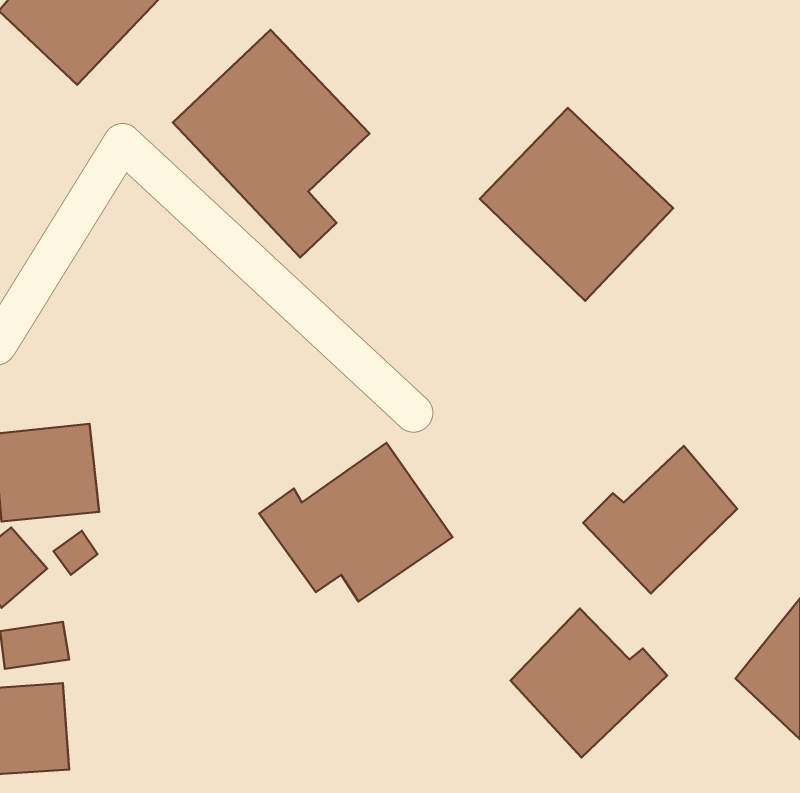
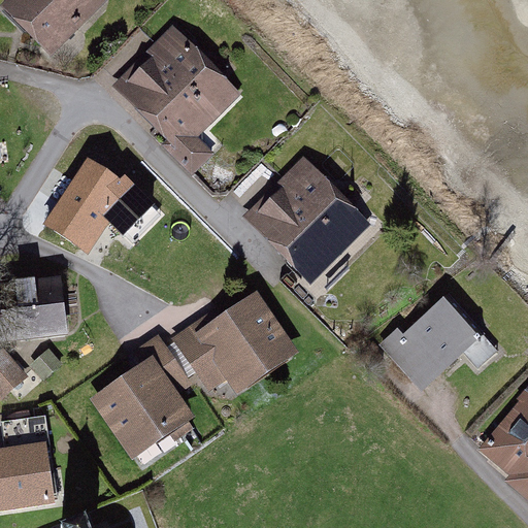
building: [480,108,673,301] -> [248,152,374,278]
building: none -> [39,163,129,258]
building: none -> [89,333,193,460]
building: [511,608,667,757] -> none

